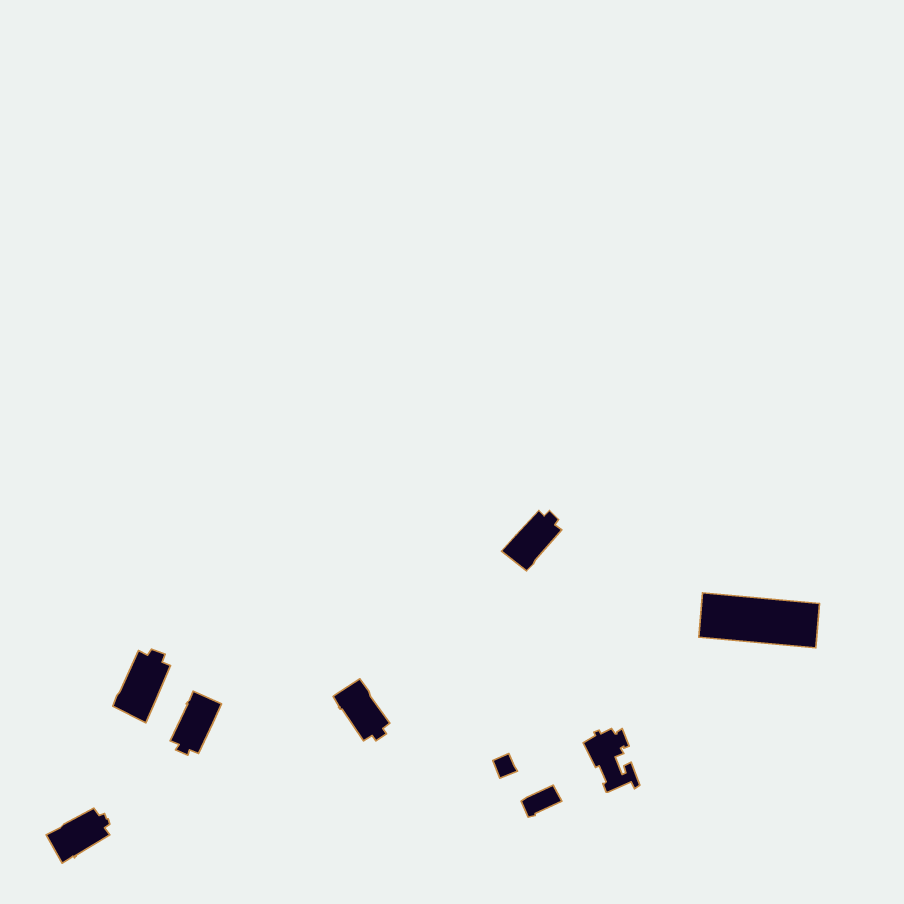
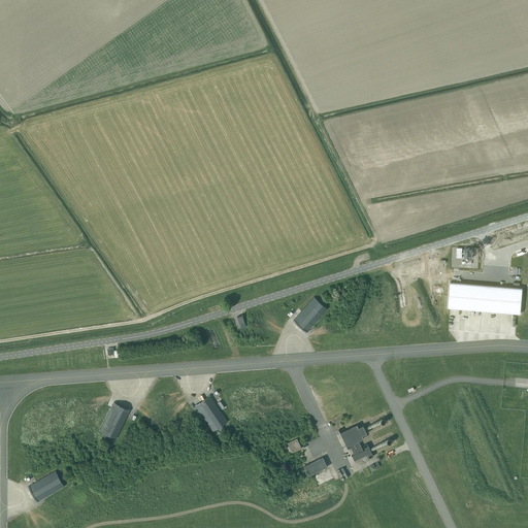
building: [699,593,820,648] -> [449,283,519,315]
building: [113,649,170,723] -> none

